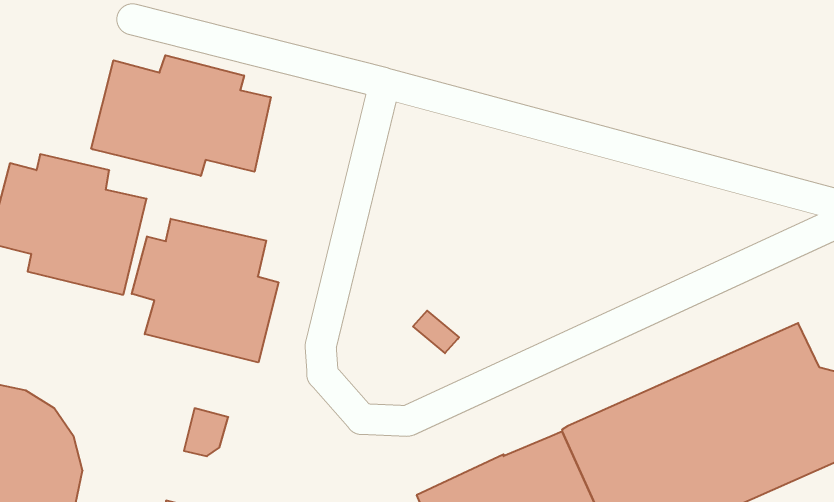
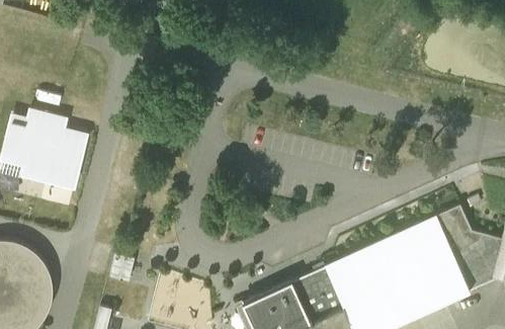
building: [91,55,271,176] -> none
building: [132,219,278,362] -> none

